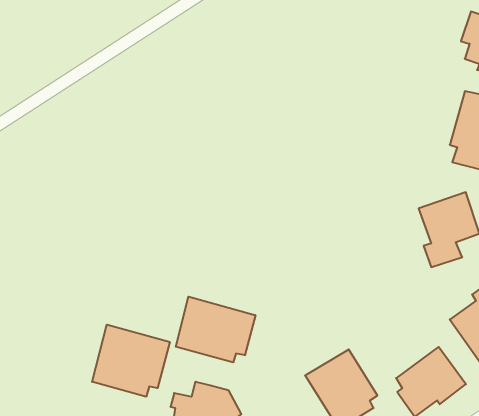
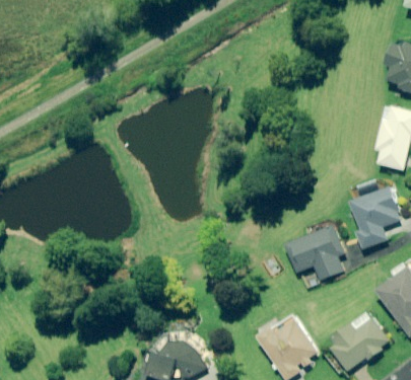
building: none -> [285,227,342,280]
building: [176,297,255,362] -> none
building: [92,325,170,397] -> none

